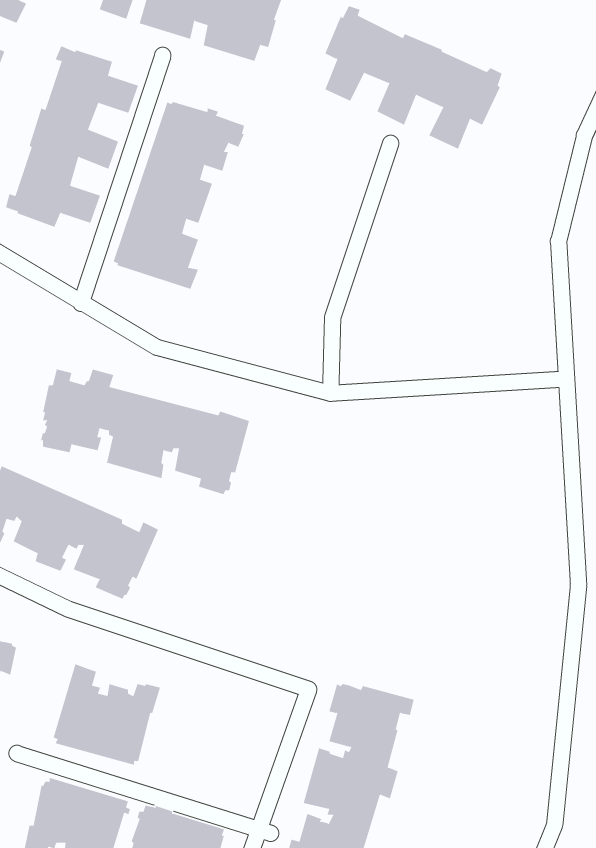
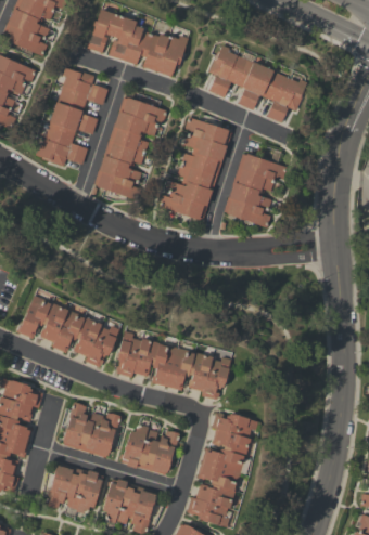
building: none -> [158,116,232,219]
building: none -> [224,149,287,227]
building: [40,369,250,495] -> [116,331,230,400]
building: none -> [120,423,180,475]

